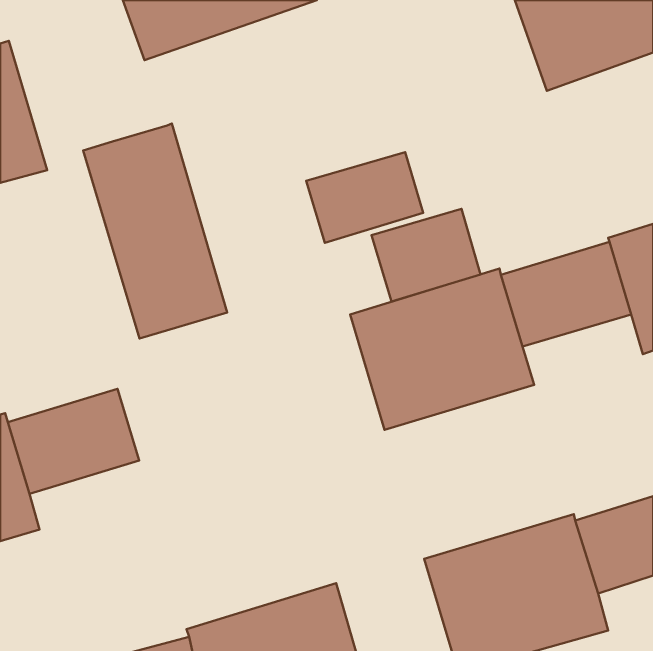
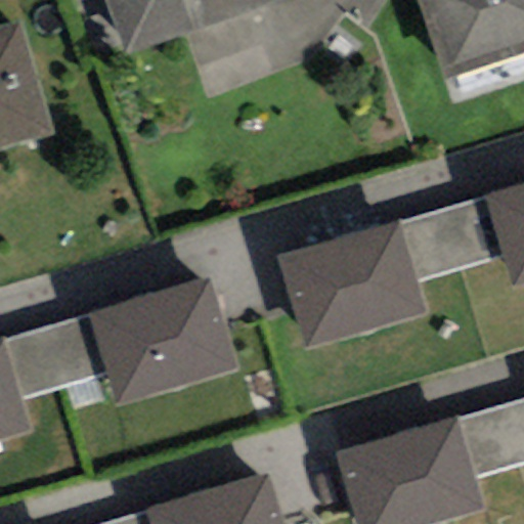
building: [83,123,227,339] -> none
building: [306,152,423,243] -> none
building: [372,209,481,302] -> none
building: none -> [93,273,241,402]

